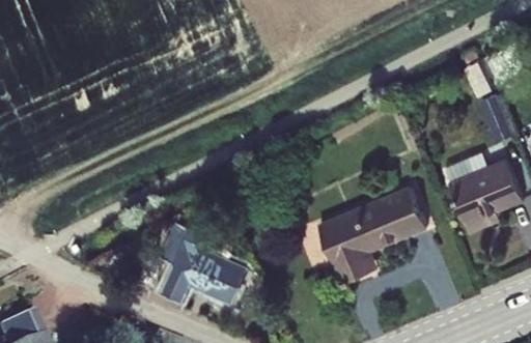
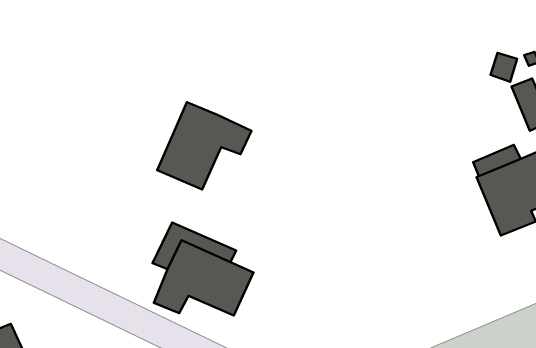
building: none -> [157,102,252,189]
building: [317,183,427,281] -> none

